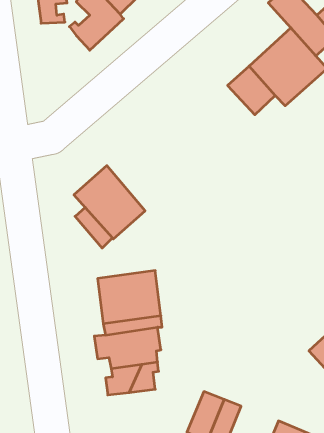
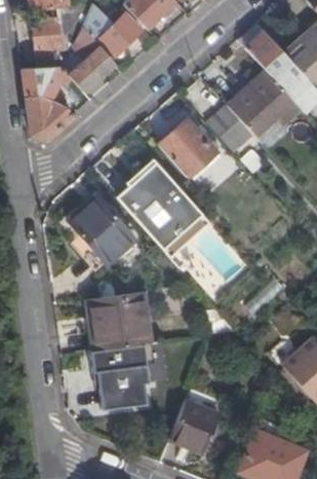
building: none -> [23,65,73,139]
building: none -> [158,119,216,178]
building: none -> [118,160,213,255]

